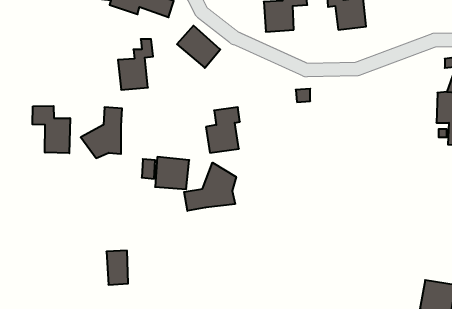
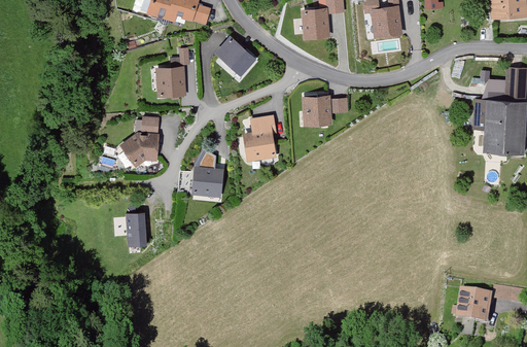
building: none -> [306,96,330,123]
building: [32,106,70,153] -> none
building: [184,163,236,211] -> none
building: [106,251,128,285] -> [126,213,147,247]

